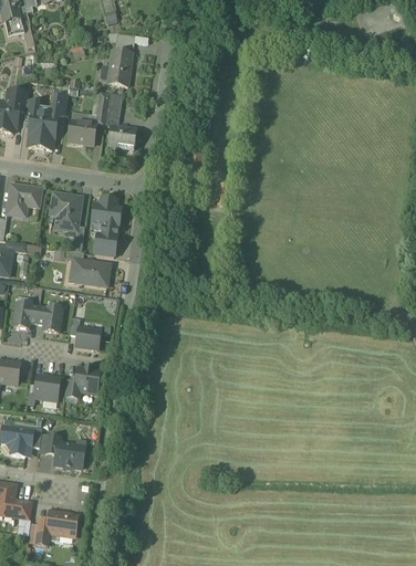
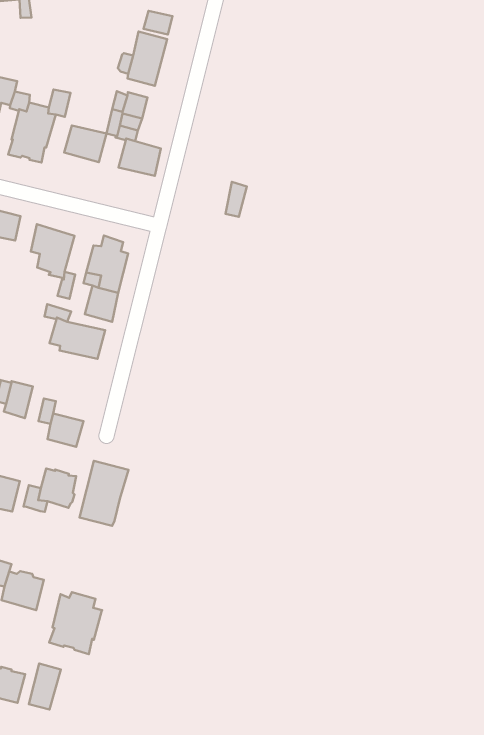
building: none -> [79,461,128,526]
building: none -> [49,592,102,654]
building: none -> [29,664,61,709]

